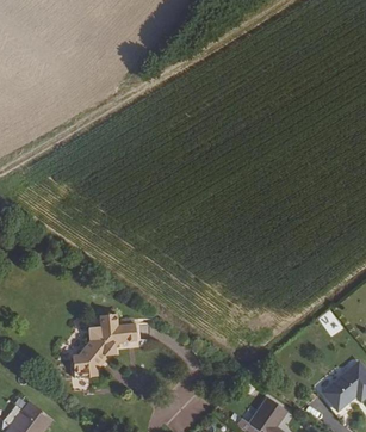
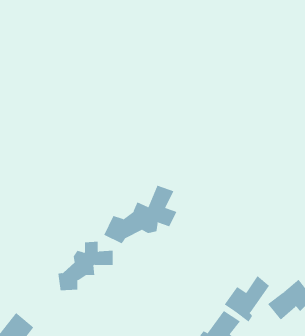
building: none -> [104,185,177,244]
building: none -> [224,275,270,322]

